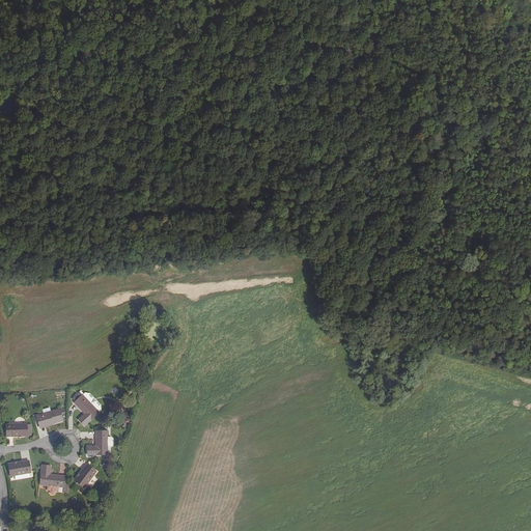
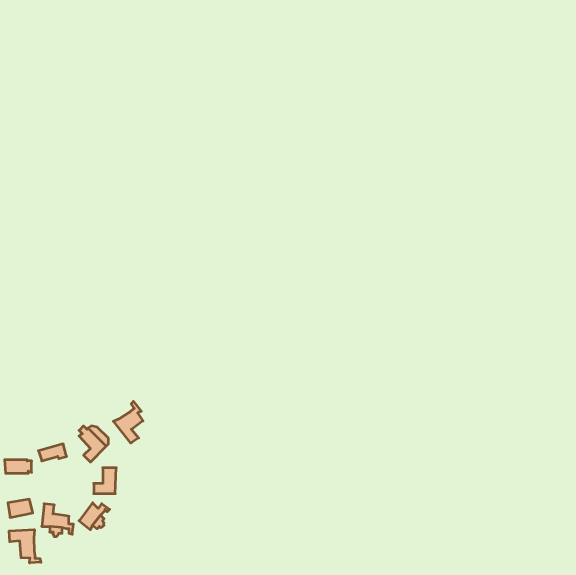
building: none -> [113,401,143,443]
building: none -> [9,530,41,563]

